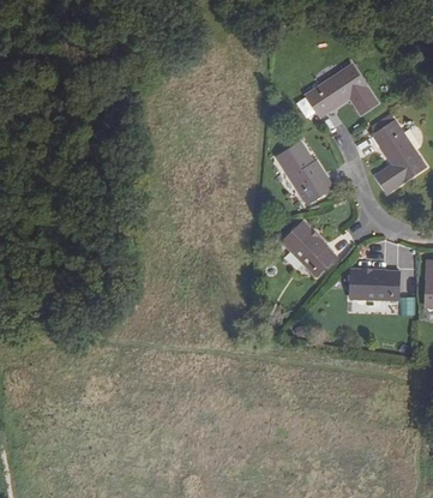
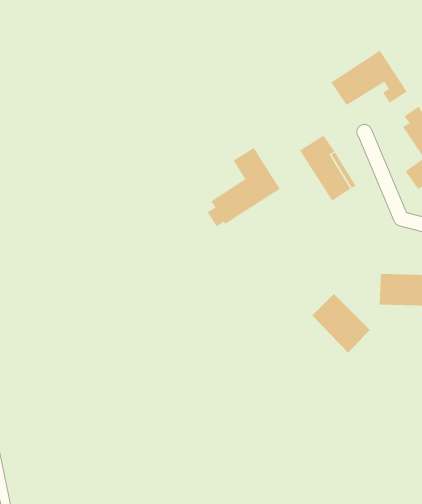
building: none -> [207,147,280,227]
building: [283,221,337,276] -> [312,293,370,353]

